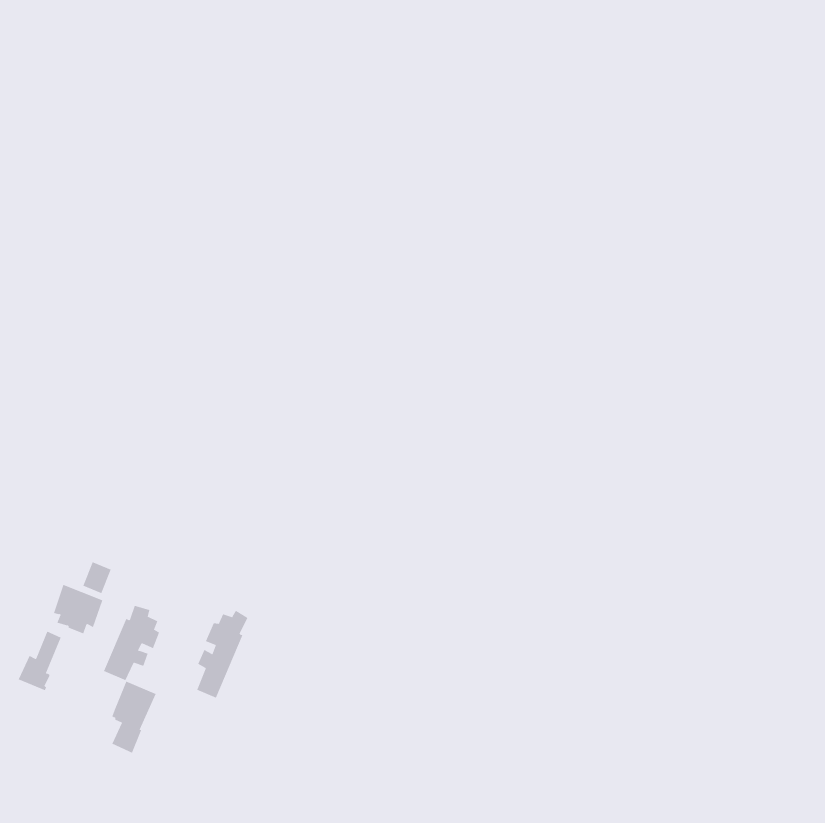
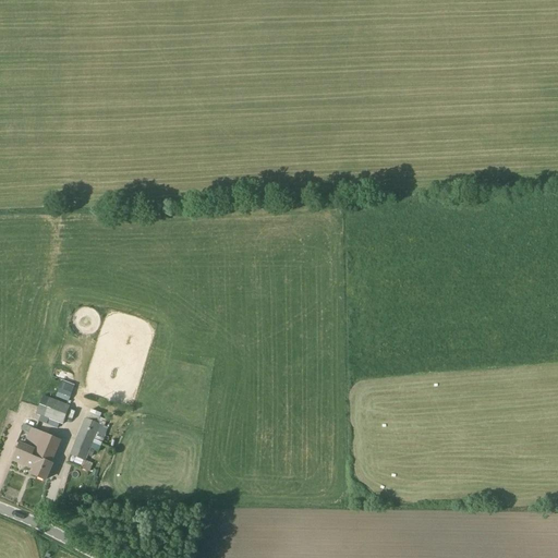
building: [196,610,248,698] -> none
building: [111,681,157,754] -> [32,430,62,480]

